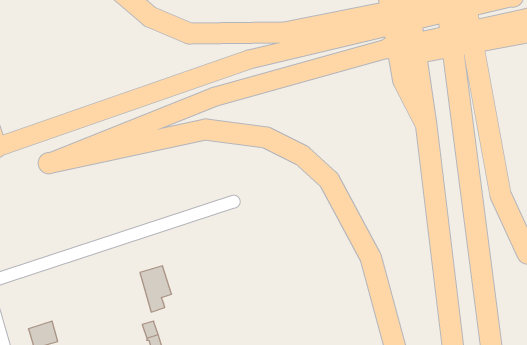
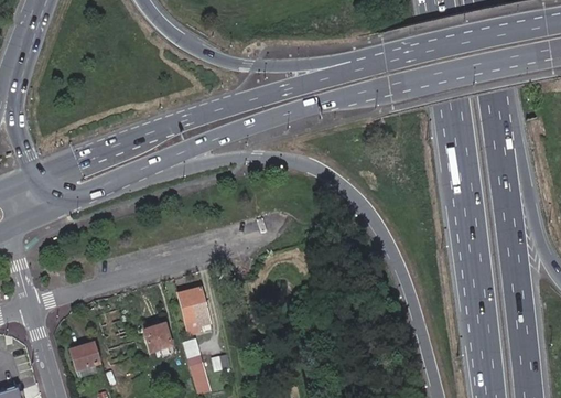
building: none -> [142,322,170,349]

